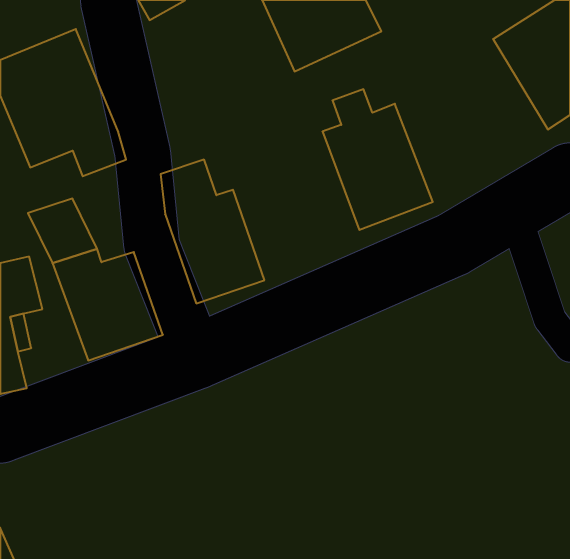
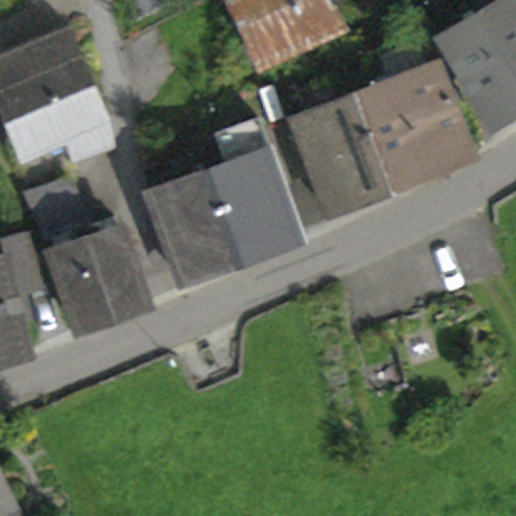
building: none -> [357,49,471,192]
building: none -> [211,130,300,263]

